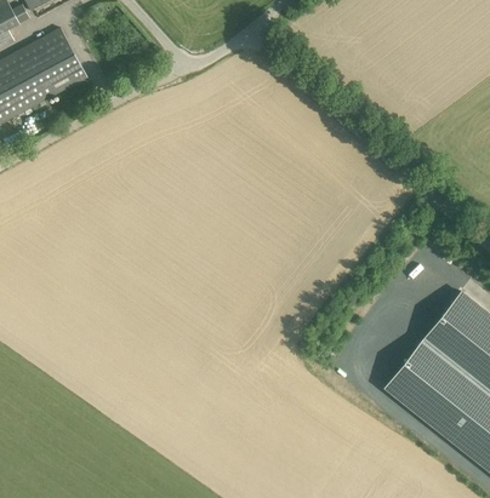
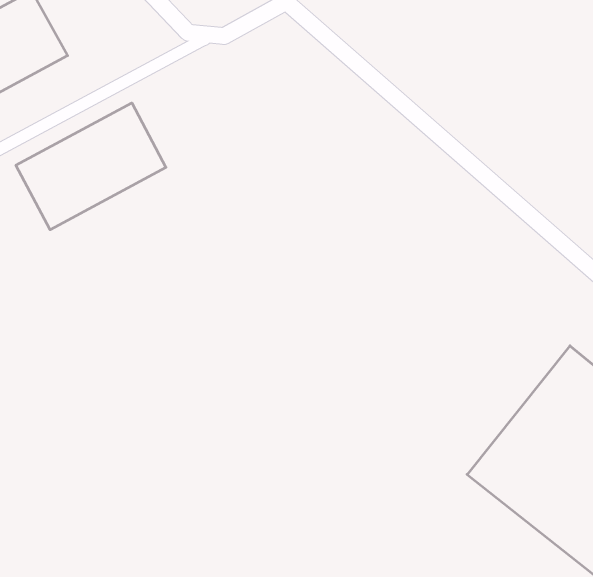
building: none -> [16,103,166,230]

